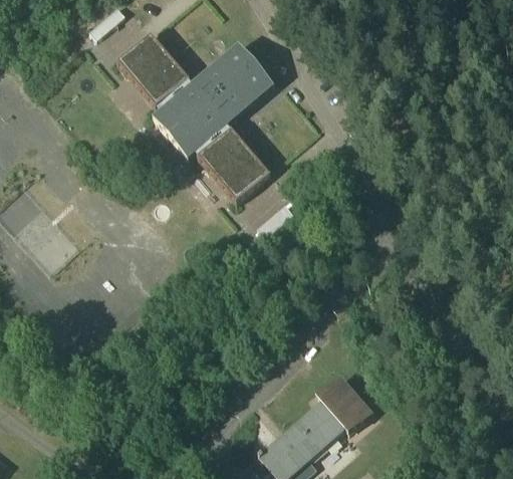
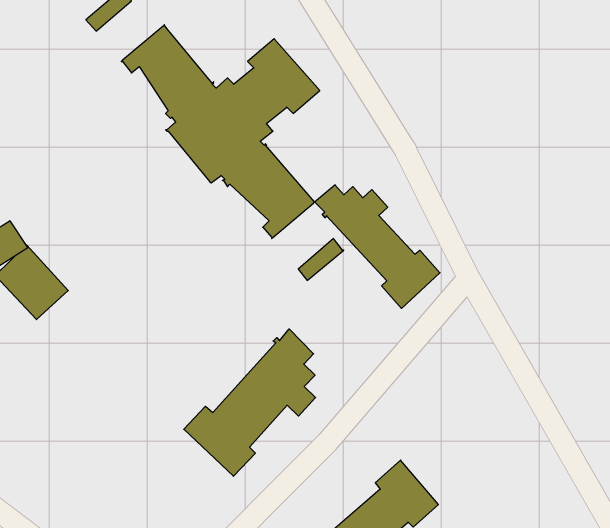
building: none -> [315,185,440,308]
building: none -> [184,329,316,476]

